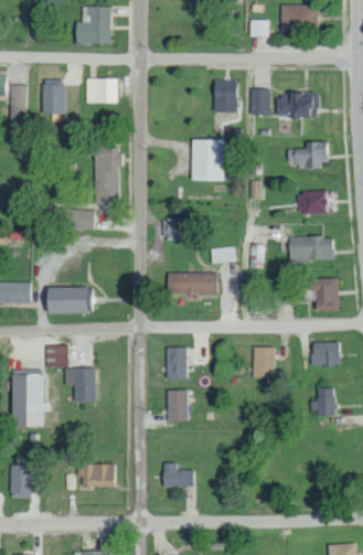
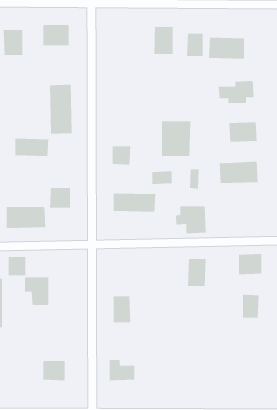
building: [192,139,226,180] -> [161,121,191,157]
building: none -> [50,187,70,208]
building: [303,278,340,310] -> [175,206,207,234]
building: [167,346,188,378] -> none

